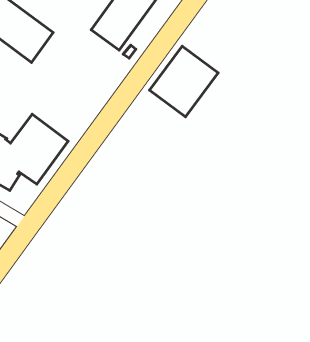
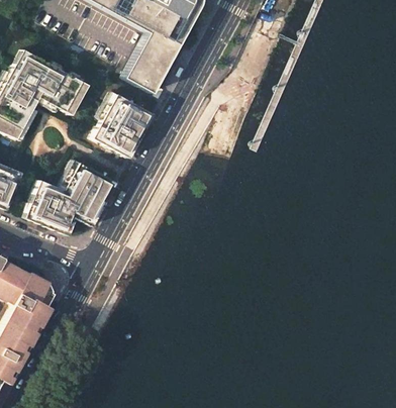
building: [150,46,218,117] -> [93,94,154,159]

